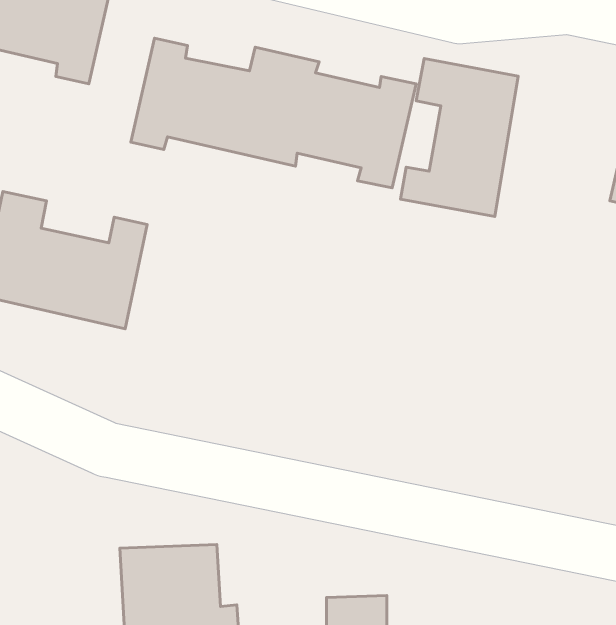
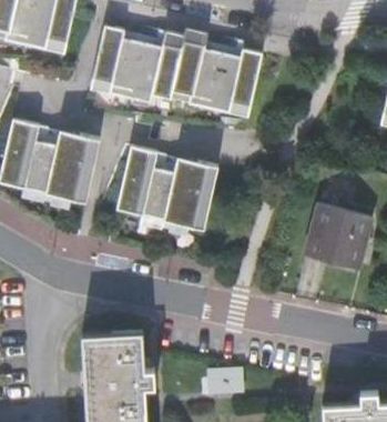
building: [401,59,518,217] -> none
building: none -> [116,145,218,229]
building: none -> [306,205,370,270]

